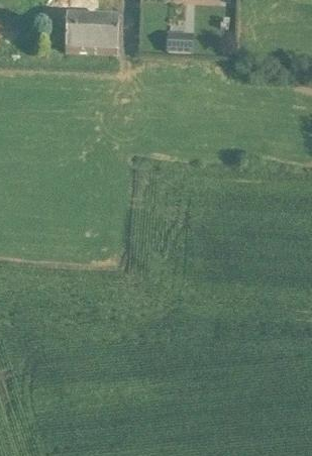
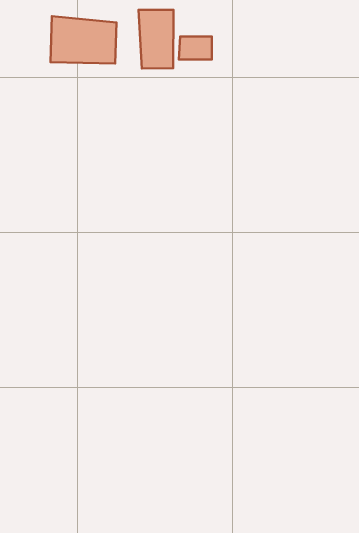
building: none -> [138,10,174,68]

